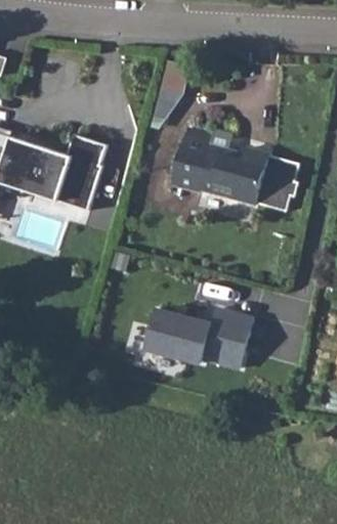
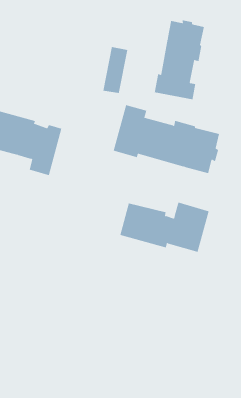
building: none -> [154,20,205,100]
building: [144,308,252,368] -> [119,202,209,252]

